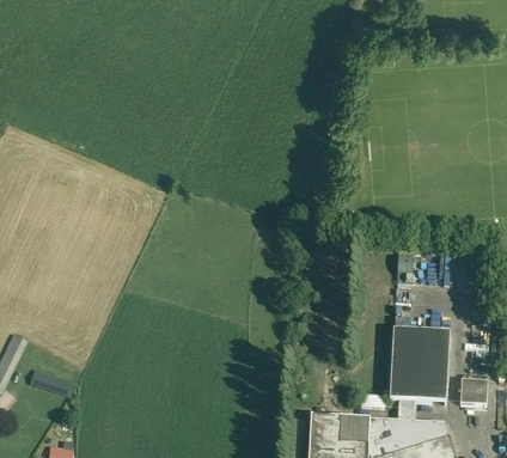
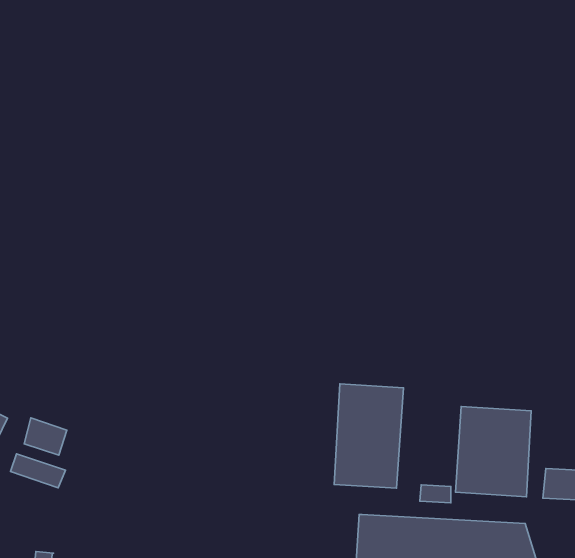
building: none -> [334,384,403,488]
building: none -> [24,418,67,455]

